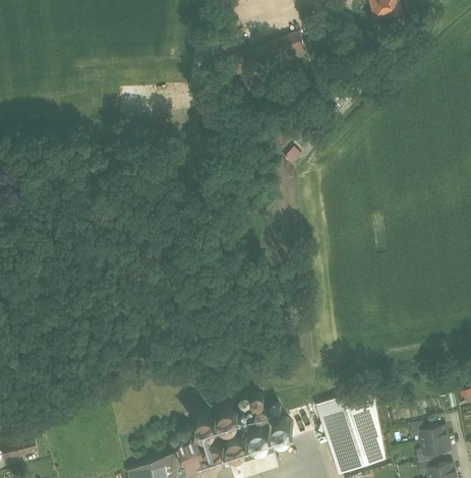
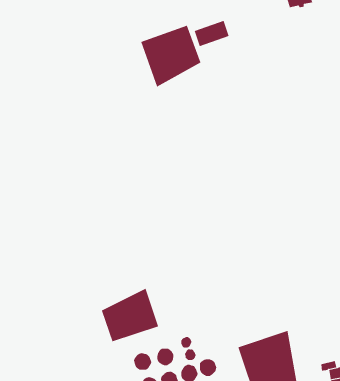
building: none -> [141,25,201,88]
building: none -> [101,288,159,342]

